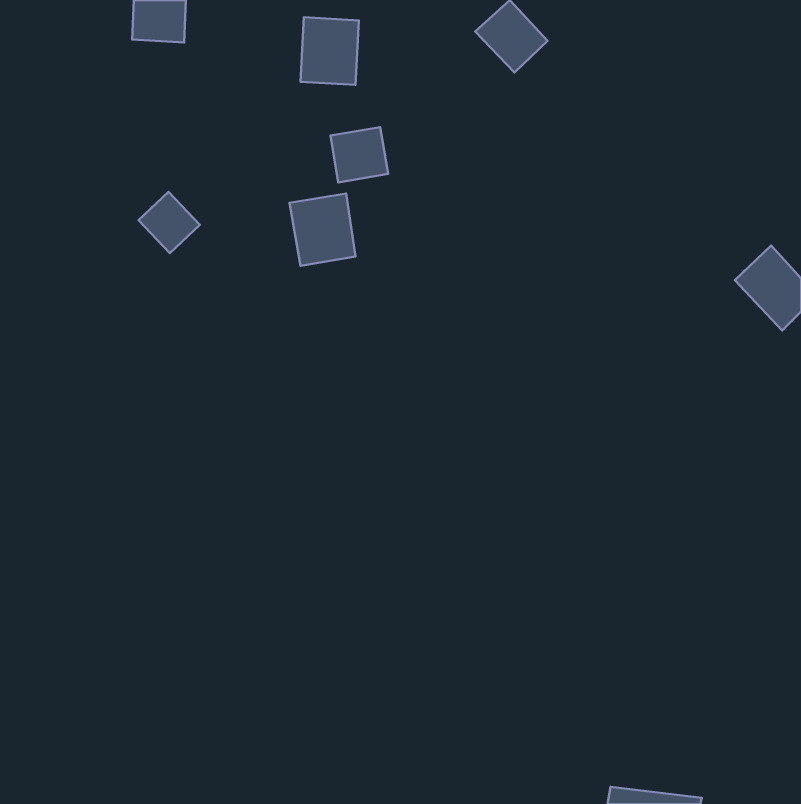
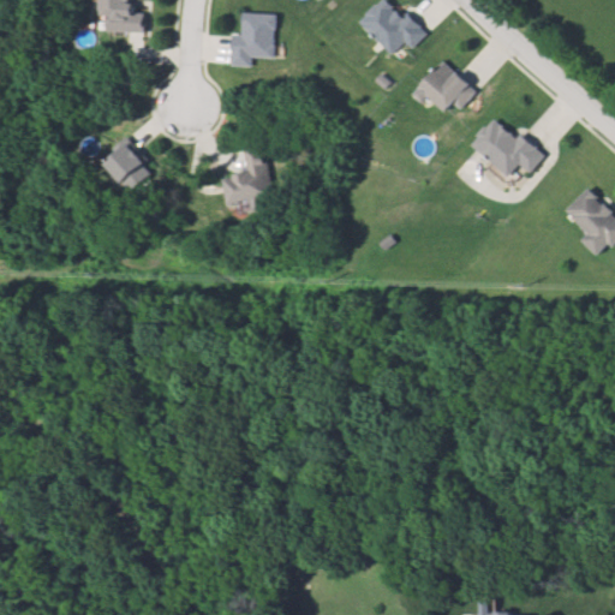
building: none -> [419,61,470,112]
building: [331,127,388,182] -> none
building: none -> [473,118,538,181]

